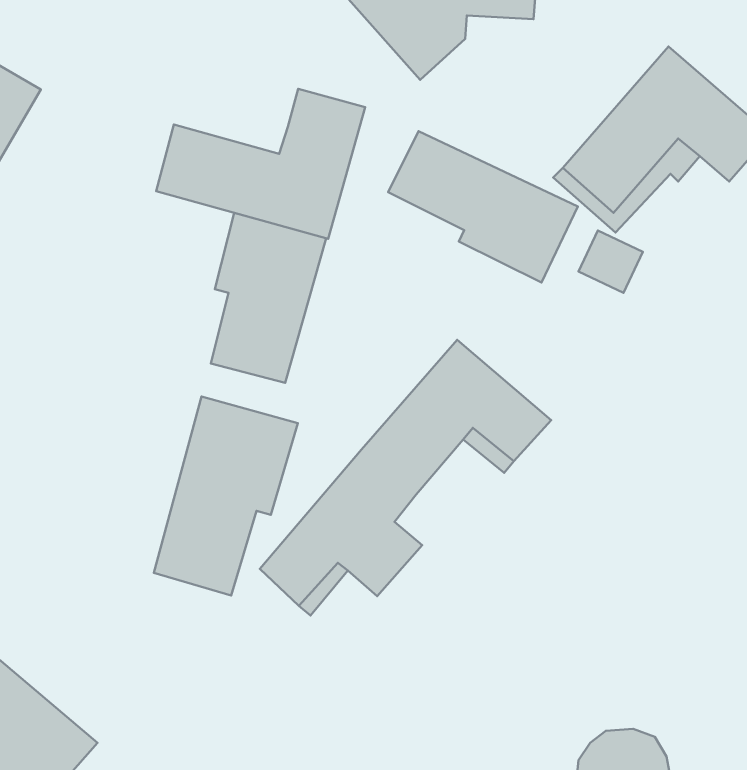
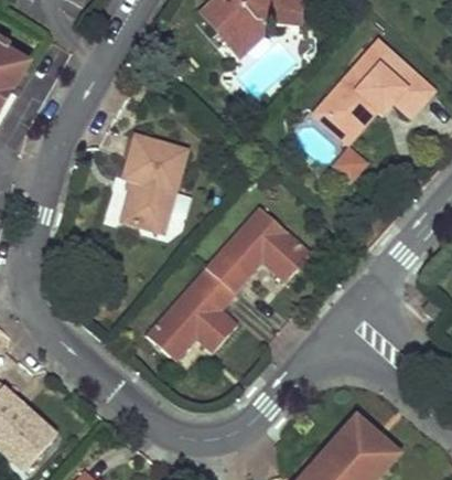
building: [156,89,365,239] -> none
building: [388,131,578,283] -> none
building: [154,396,298,595] -> none

